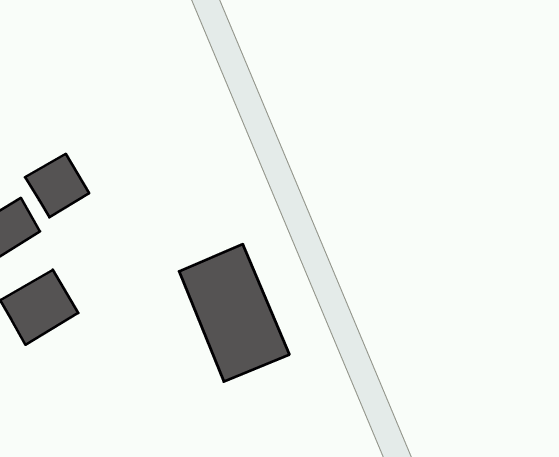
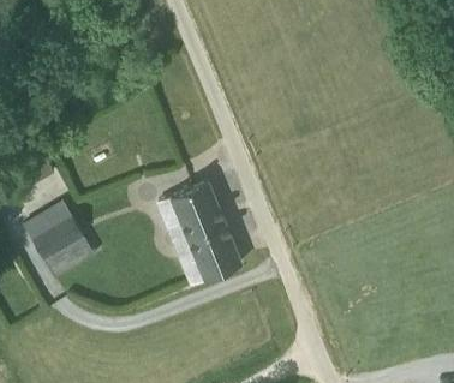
building: [25,154,89,217] -> none

